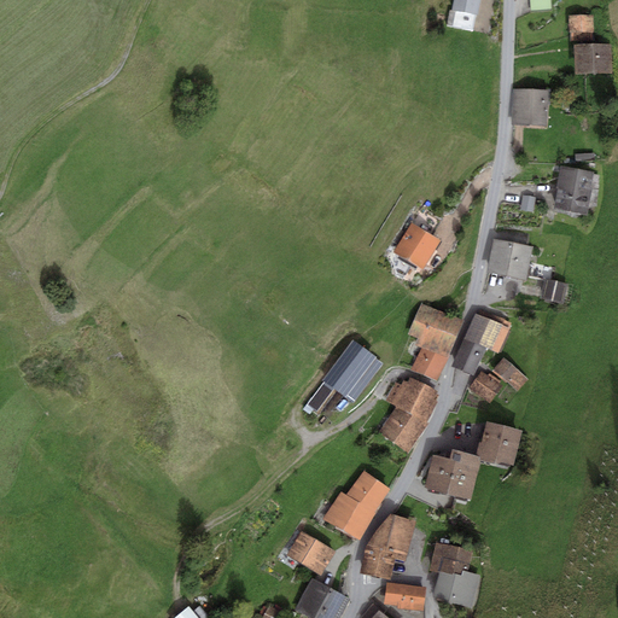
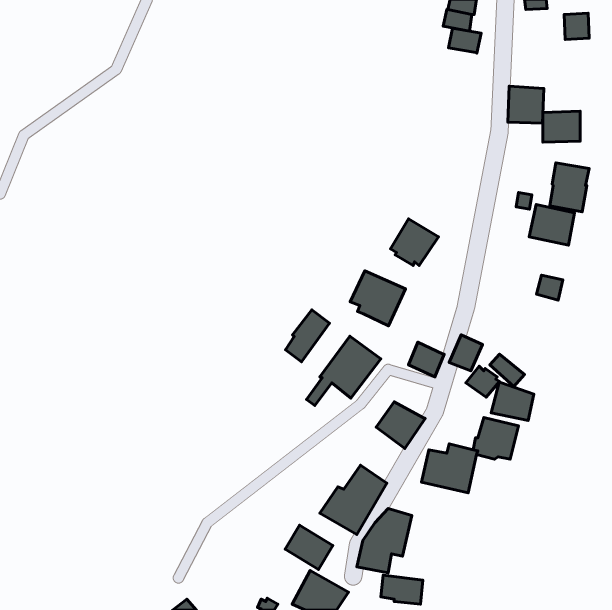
building: none -> [448,28,481,53]
building: [575,42,612,74] -> [543,111,580,142]
building: [486,238,532,279] -> [529,204,575,245]
building: [408,302,464,357] -> [350,271,405,326]
building: [465,309,511,352] -> none
building: none -> [285,310,329,362]
building: [385,377,438,421] -> none
building: none -> [491,382,534,421]
building: [430,541,480,607] -> none

